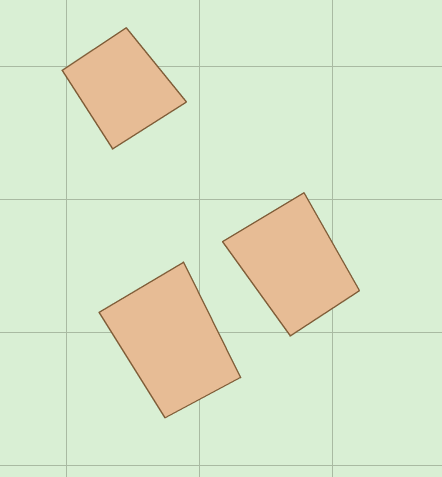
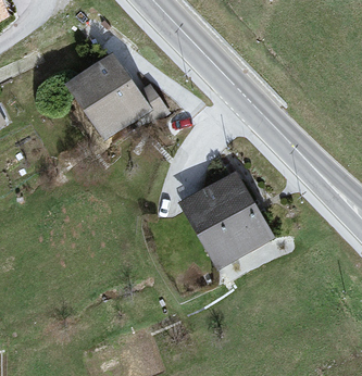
building: [99,262,241,418] -> none

